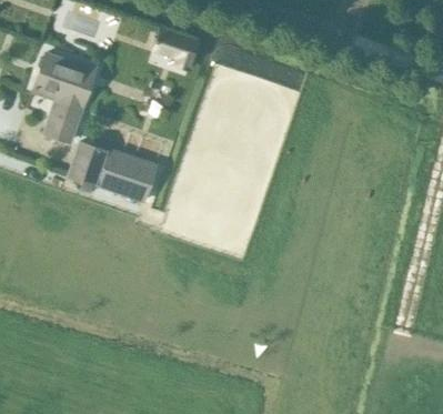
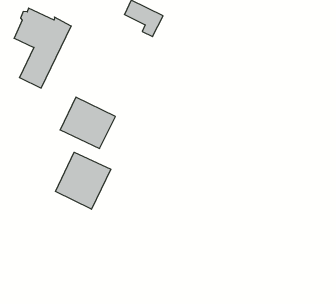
building: [68,143,105,186] -> none
building: none -> [55,152,111,209]

